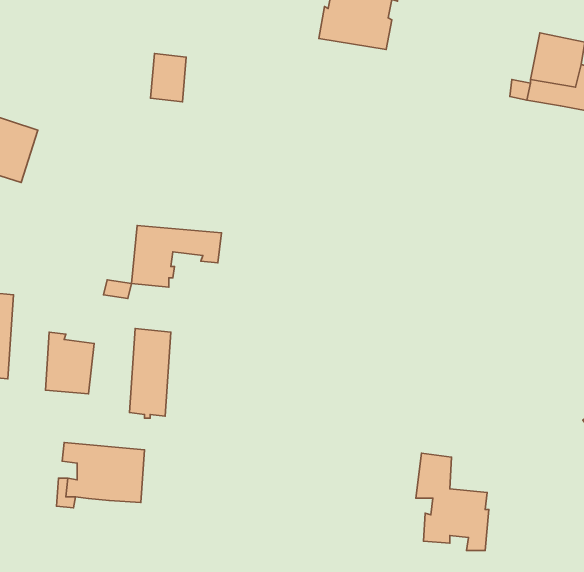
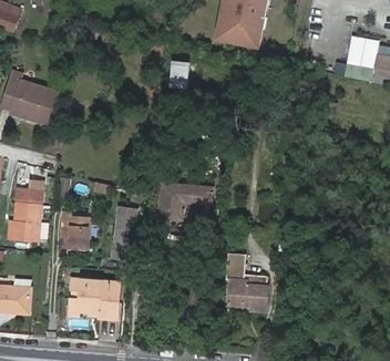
building: [151,53,186,102] -> [165,59,186,87]
building: [132,226,221,287] -> [156,183,209,219]
building: [416,453,489,551] -> [220,250,264,308]

